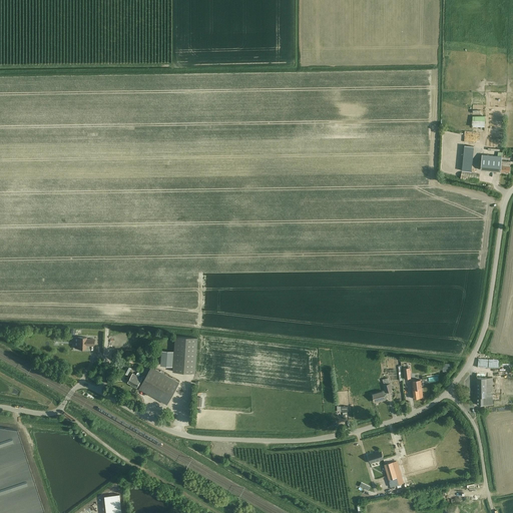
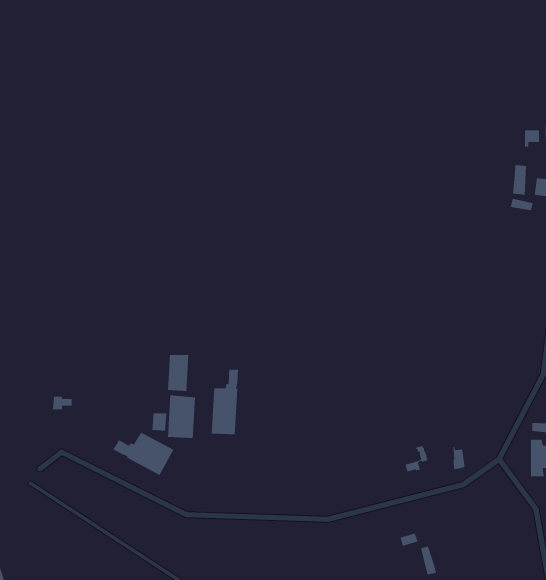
building: none -> [167,354,189,392]
building: none -> [211,368,239,435]

